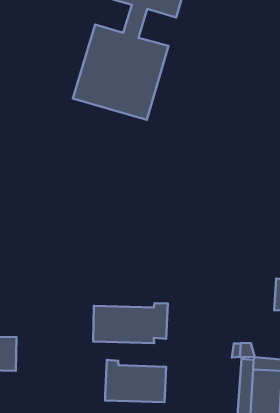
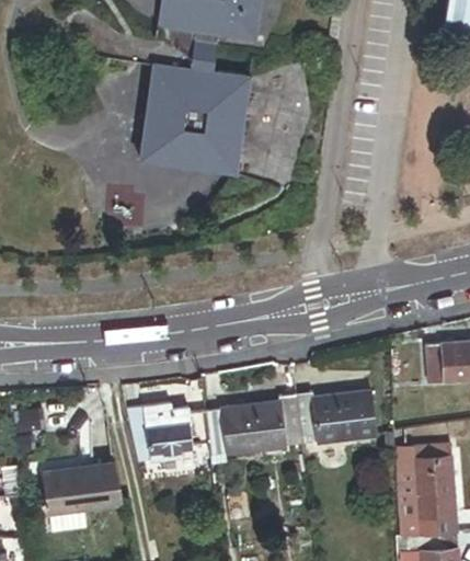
building: none -> [127,404,193,462]
building: [105,360,166,402] -> [296,392,375,445]

